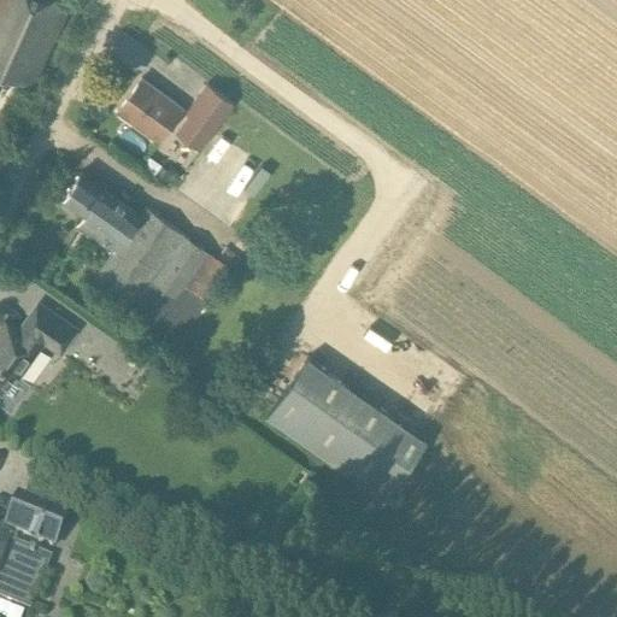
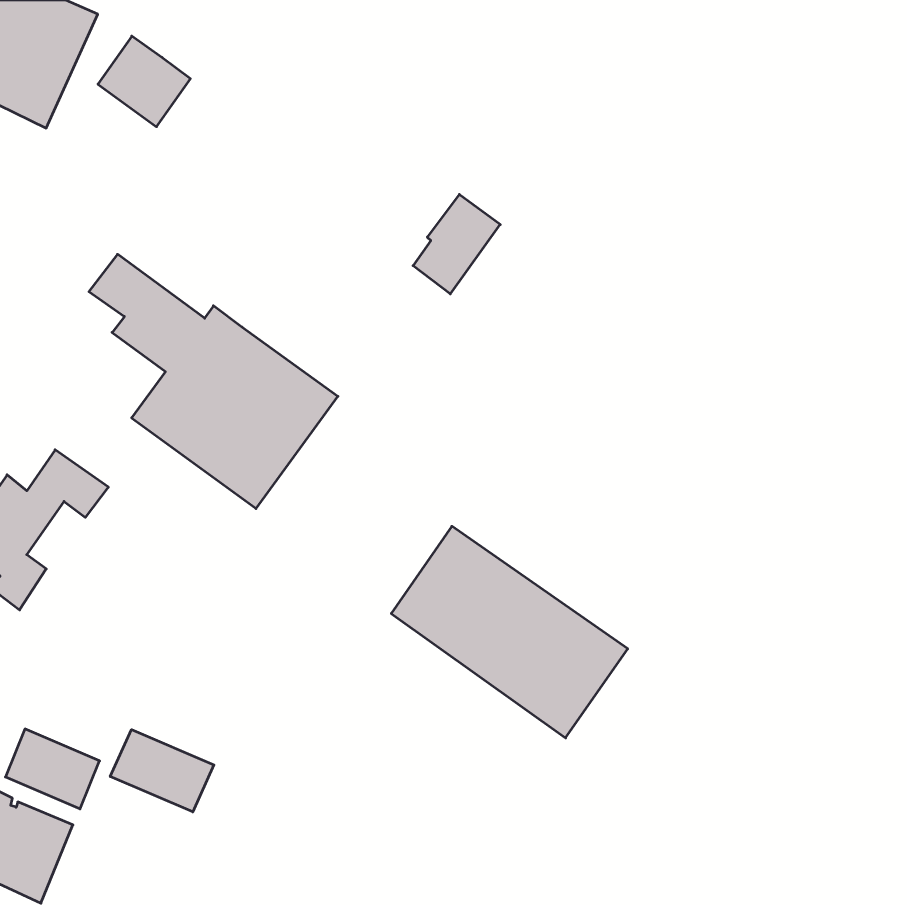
building: [117,81,180,142] -> [98,36,190,127]
building: [175,84,234,152] -> [413,194,500,294]
building: none -> [110,730,214,812]

